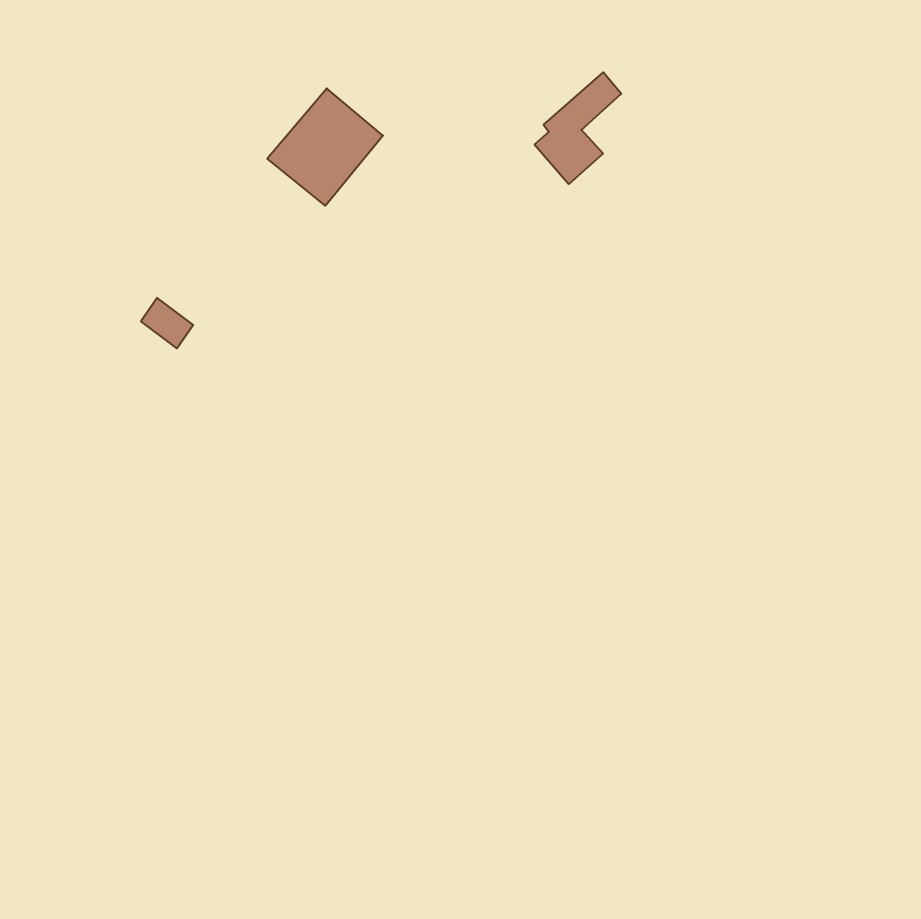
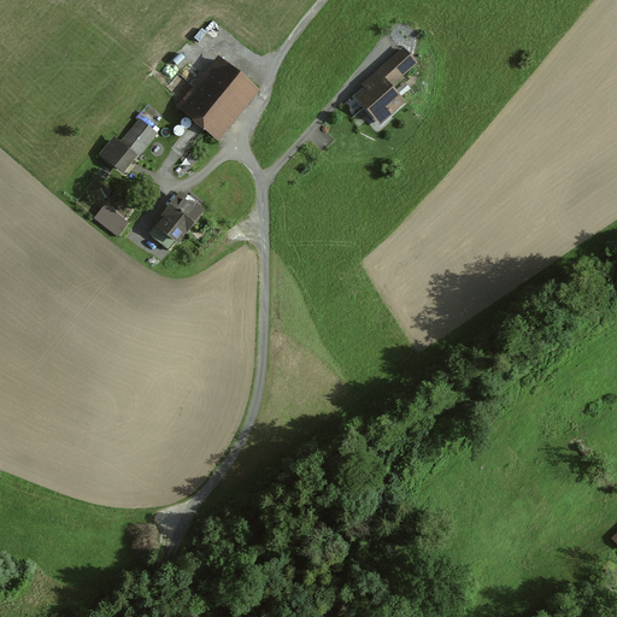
building: none -> [100,118,154,171]
building: none -> [157,194,202,243]

